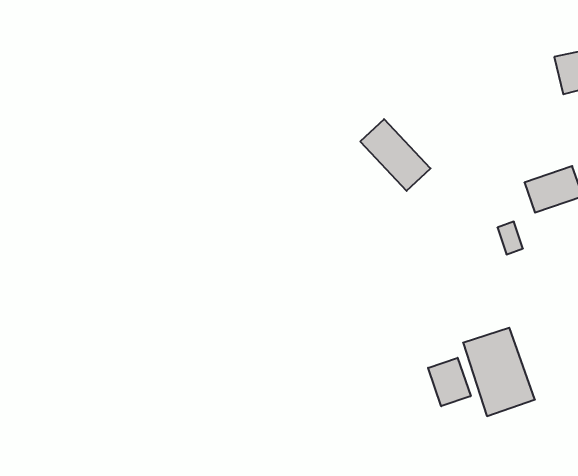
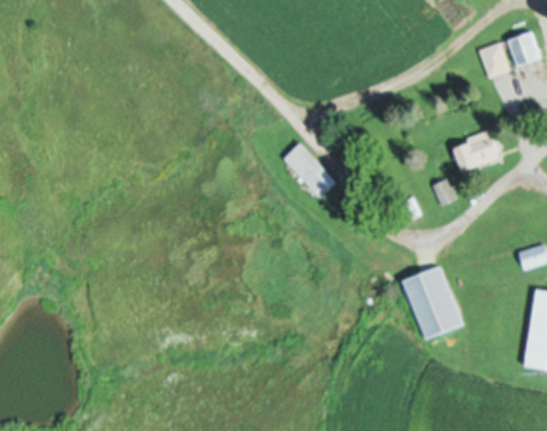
building: [360,119,431,191] -> [281,142,337,200]
building: [428,358,471,406] -> none

